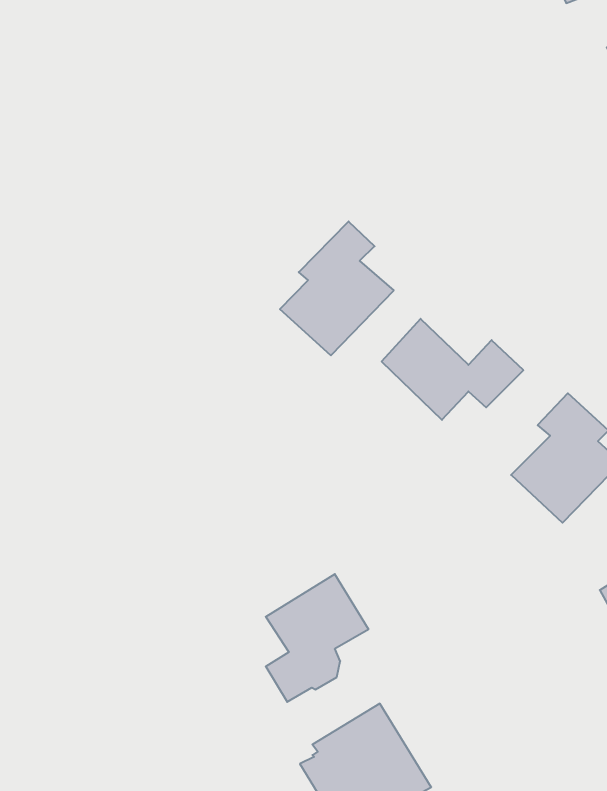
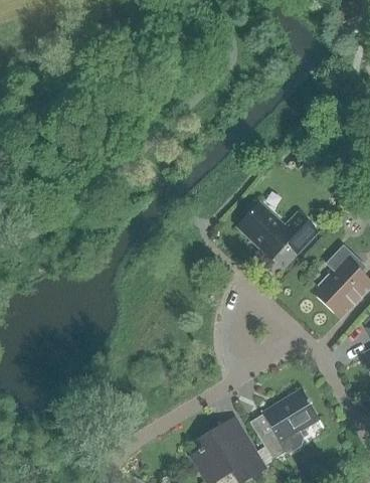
building: [280,221,394,355] -> none
building: [266,574,369,702] -> [260,387,319,460]

